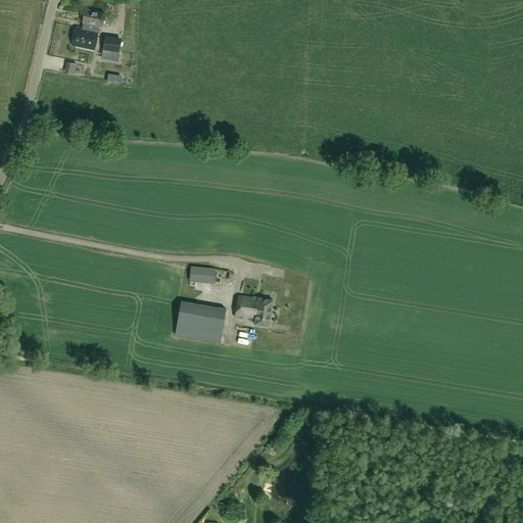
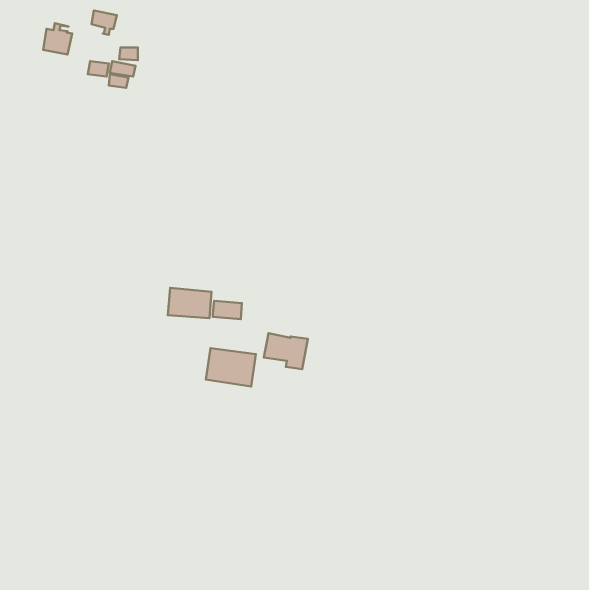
building: [70,21,96,49] -> [43,23,72,54]
building: none -> [168,288,211,318]

